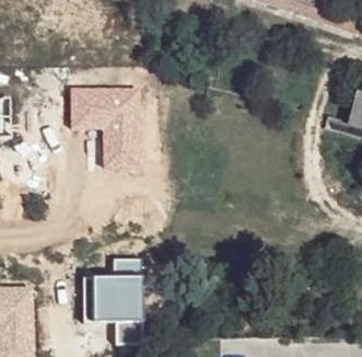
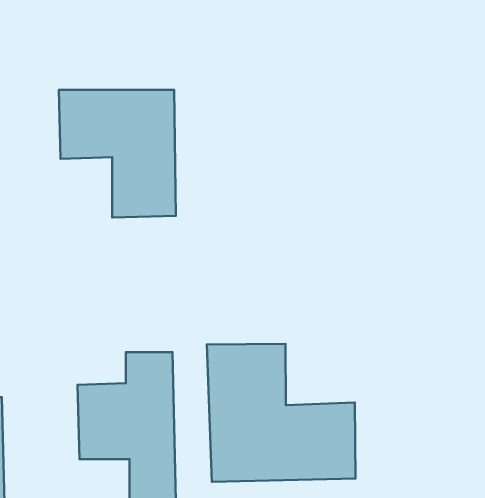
building: none -> [207,344,356,482]

